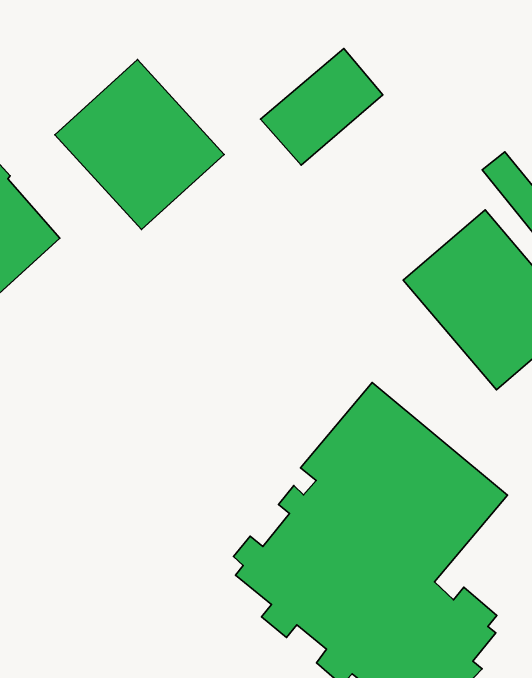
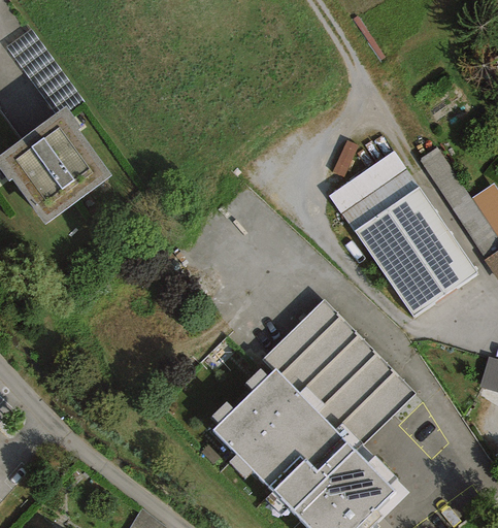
building: [260,49,383,165] -> [329,151,419,231]
building: [55,60,224,230] -> none

